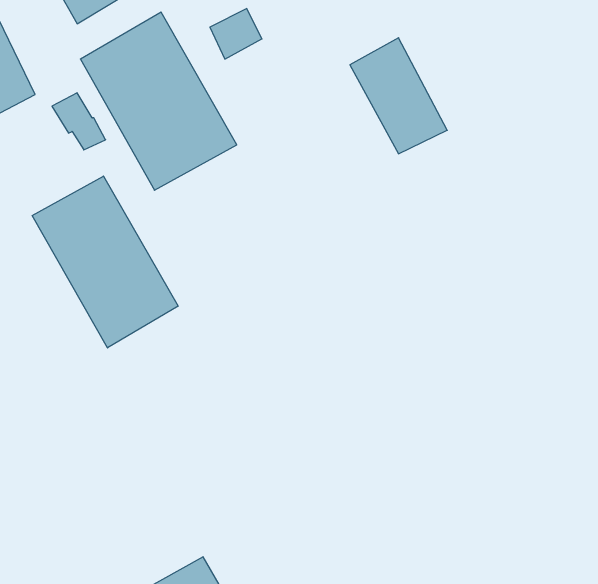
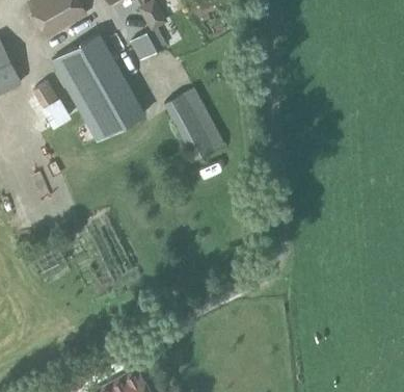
building: [350,38,447,154] -> [164,87,224,159]
building: [32,176,178,348] -> none

